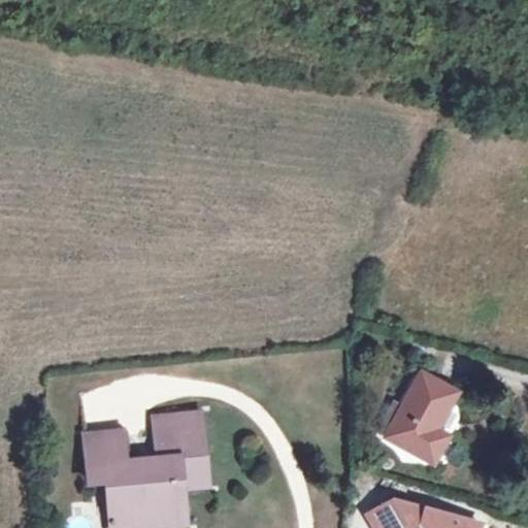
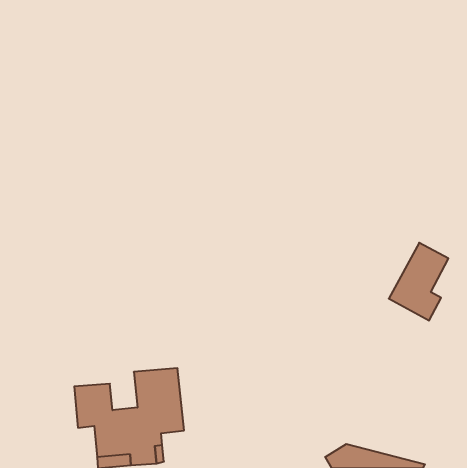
building: [387,374,454,462] -> [389,243,448,321]

